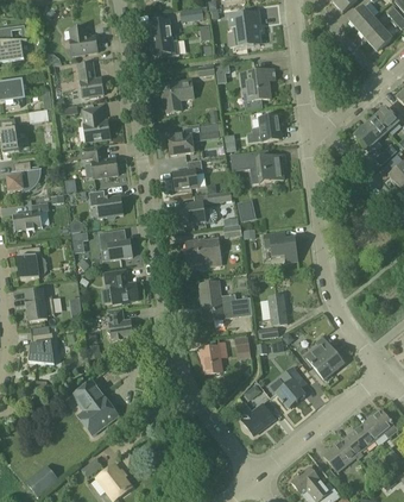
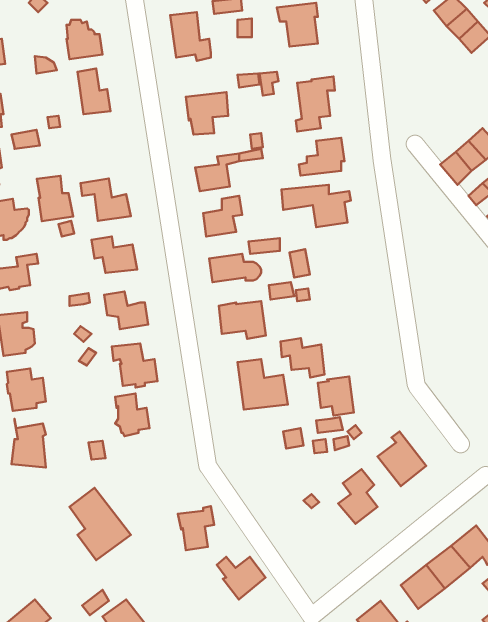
building: [83,107,111,142] -> [37,176,73,221]
building: [264,232,297,262] -> [280,338,324,378]
building: [200,341,227,375] -> [178,506,214,550]
building: [236,402,273,434] -> [217,557,265,599]

